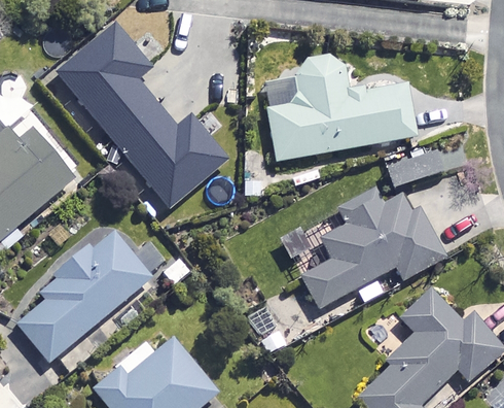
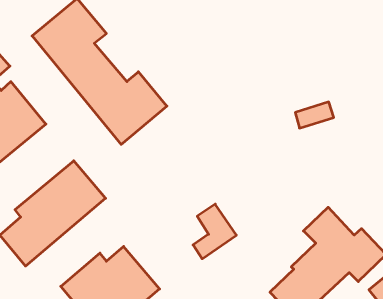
building: [268,55,416,161] -> none
building: [302,191,442,307] -> none

